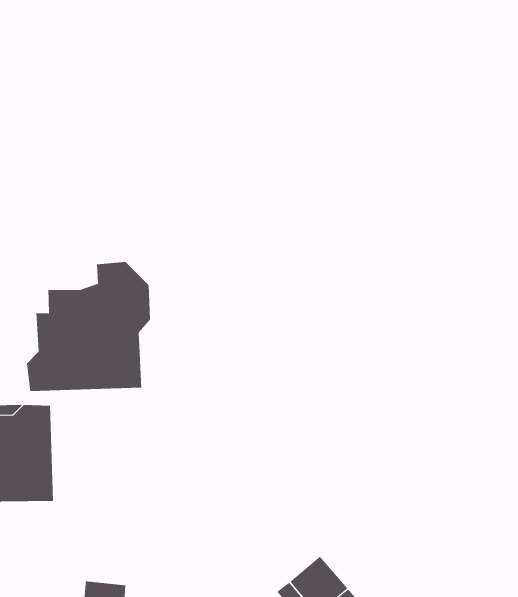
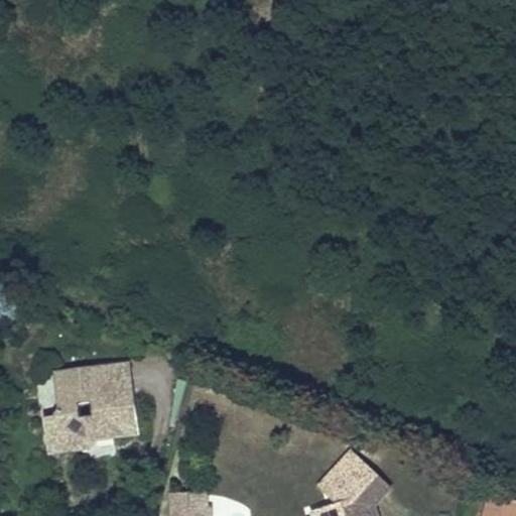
building: [27,261,150,392] -> none

